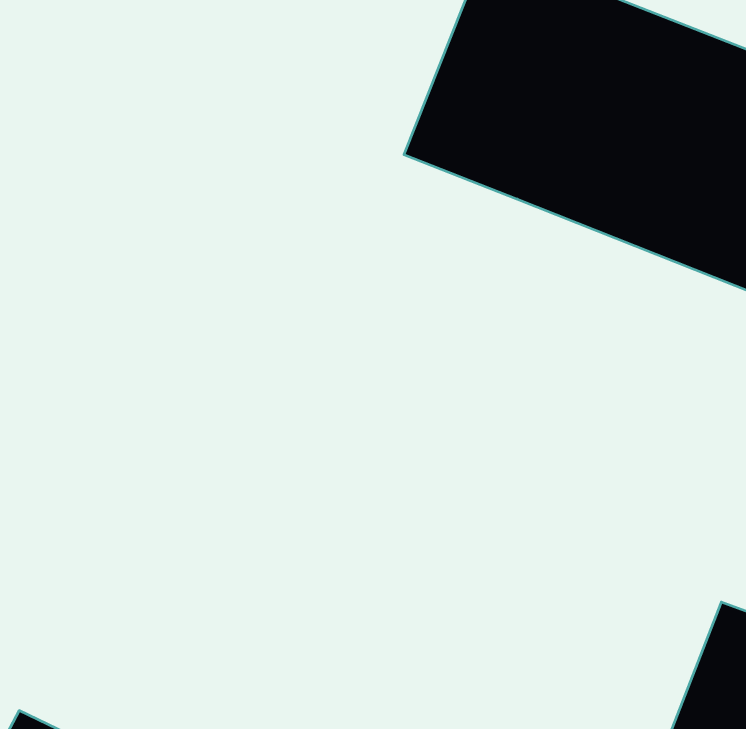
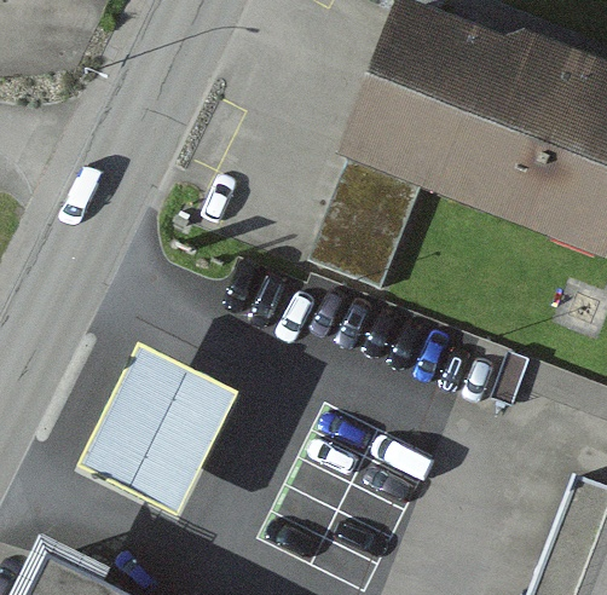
building: none -> [320,151,421,283]
building: none -> [83,333,243,508]

